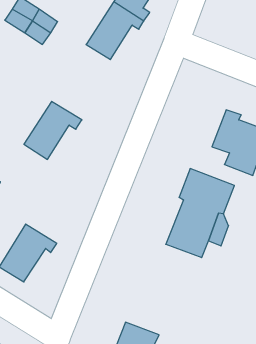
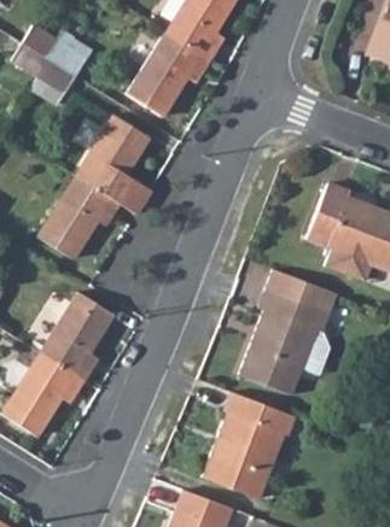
building: none -> [77,115,149,211]
building: none -> [40,292,113,379]
building: none -> [204,394,296,502]

